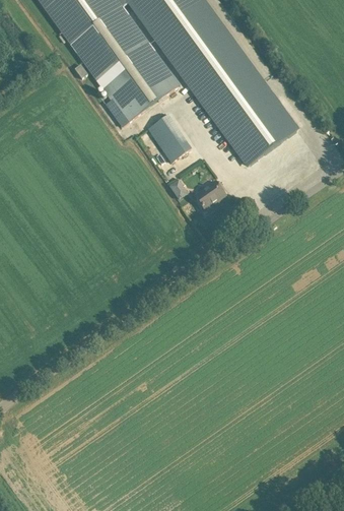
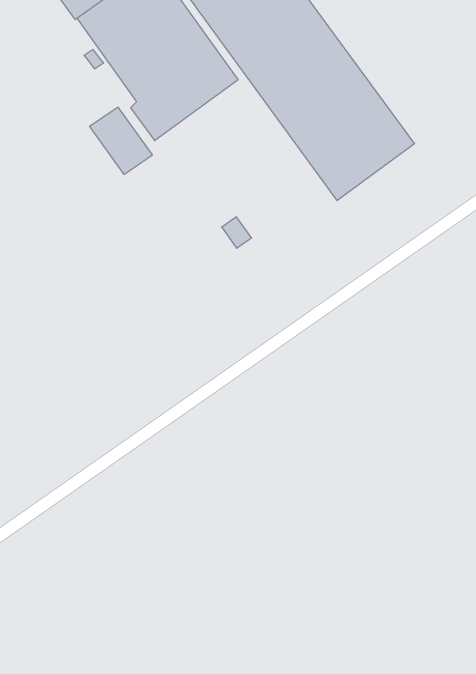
building: [147,114,190,159] -> [90,107,152,174]
building: [194,179,226,208] -> none

